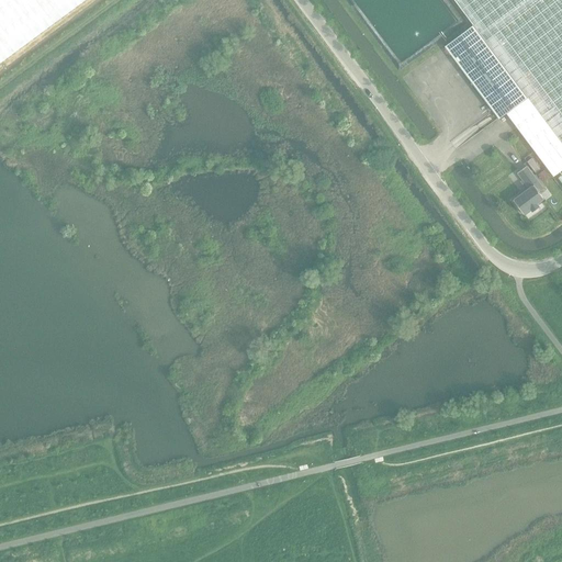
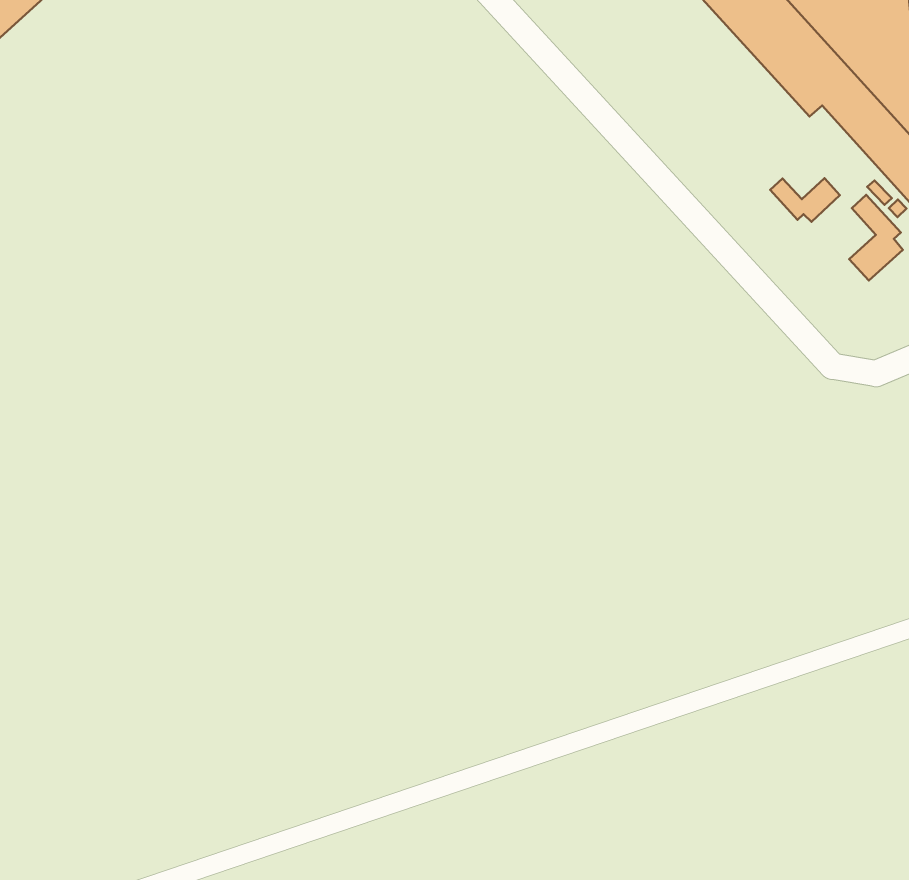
building: none -> [770,178,840,222]

